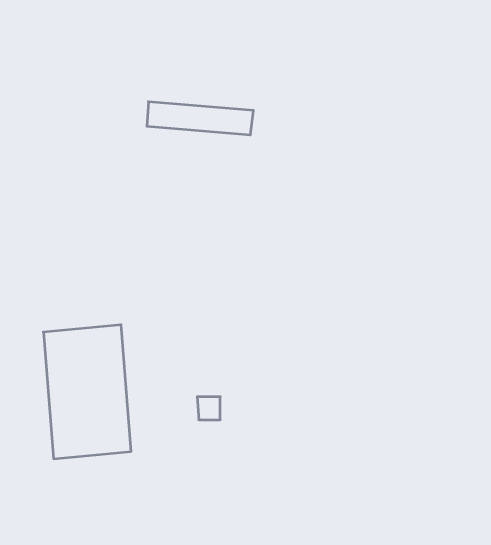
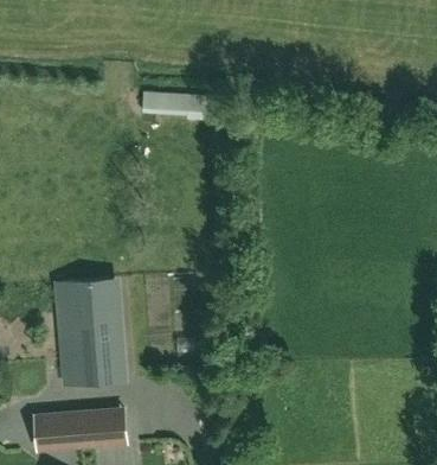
building: none -> [34,409,127,450]

